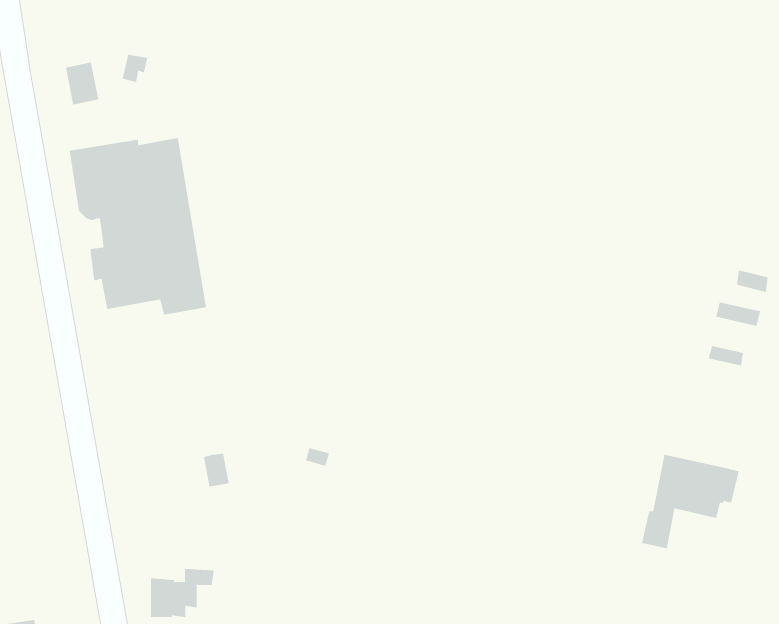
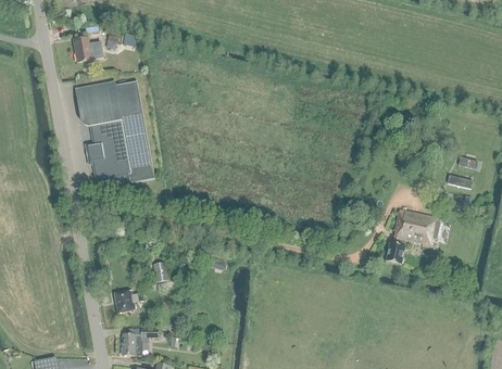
building: [641,454,739,549] -> [385,211,441,265]
building: none -> [113,290,142,314]

